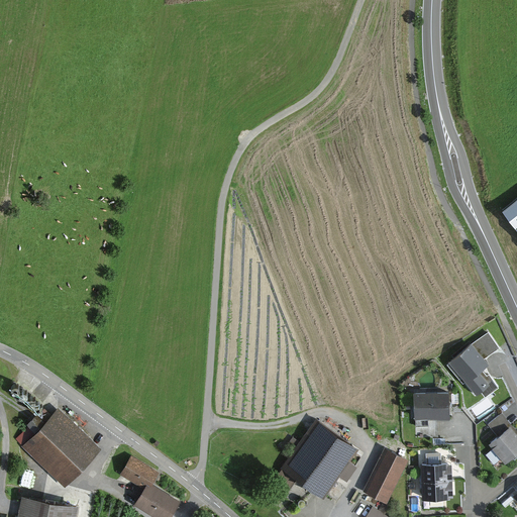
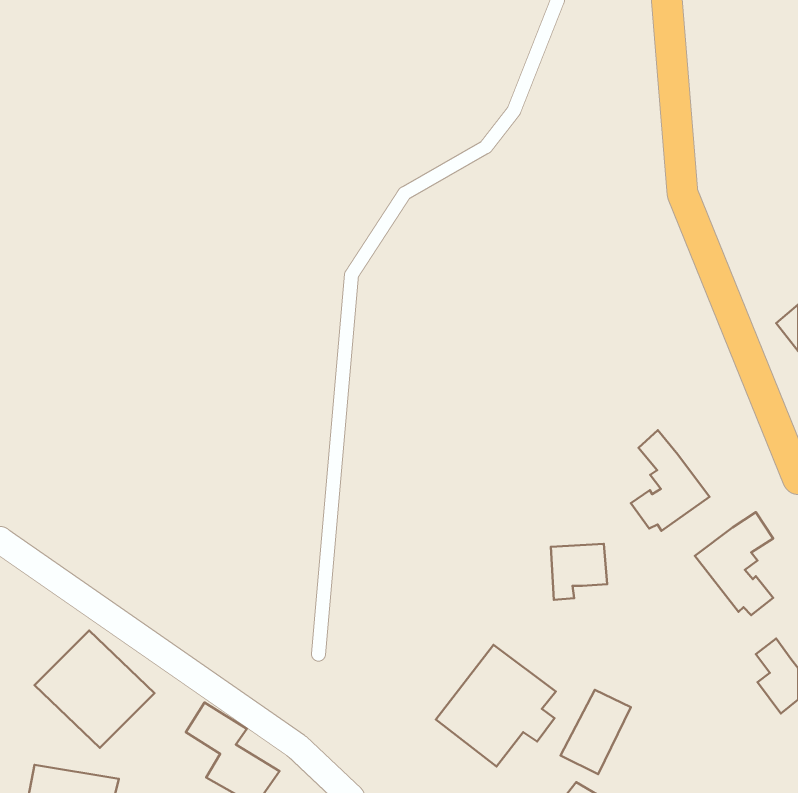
building: none -> [631,430,709,531]
building: [414,393,450,429] -> [551,544,607,600]
building: [419,463,452,500] -> none

